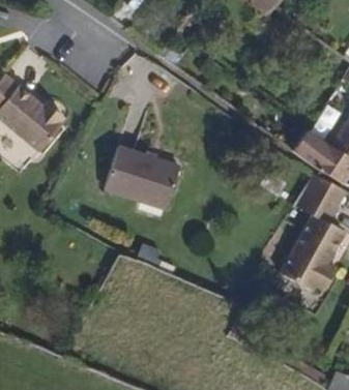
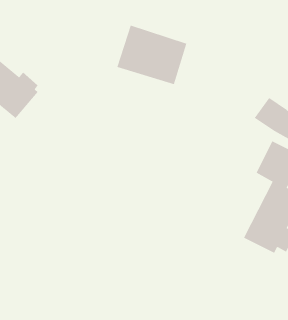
building: [104,145,178,208] -> [116,25,187,85]

